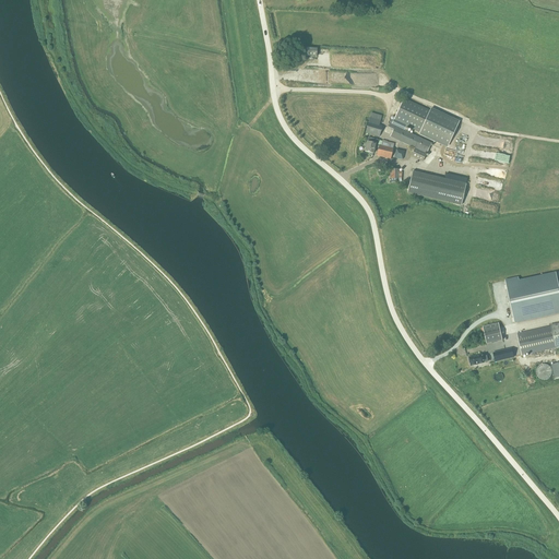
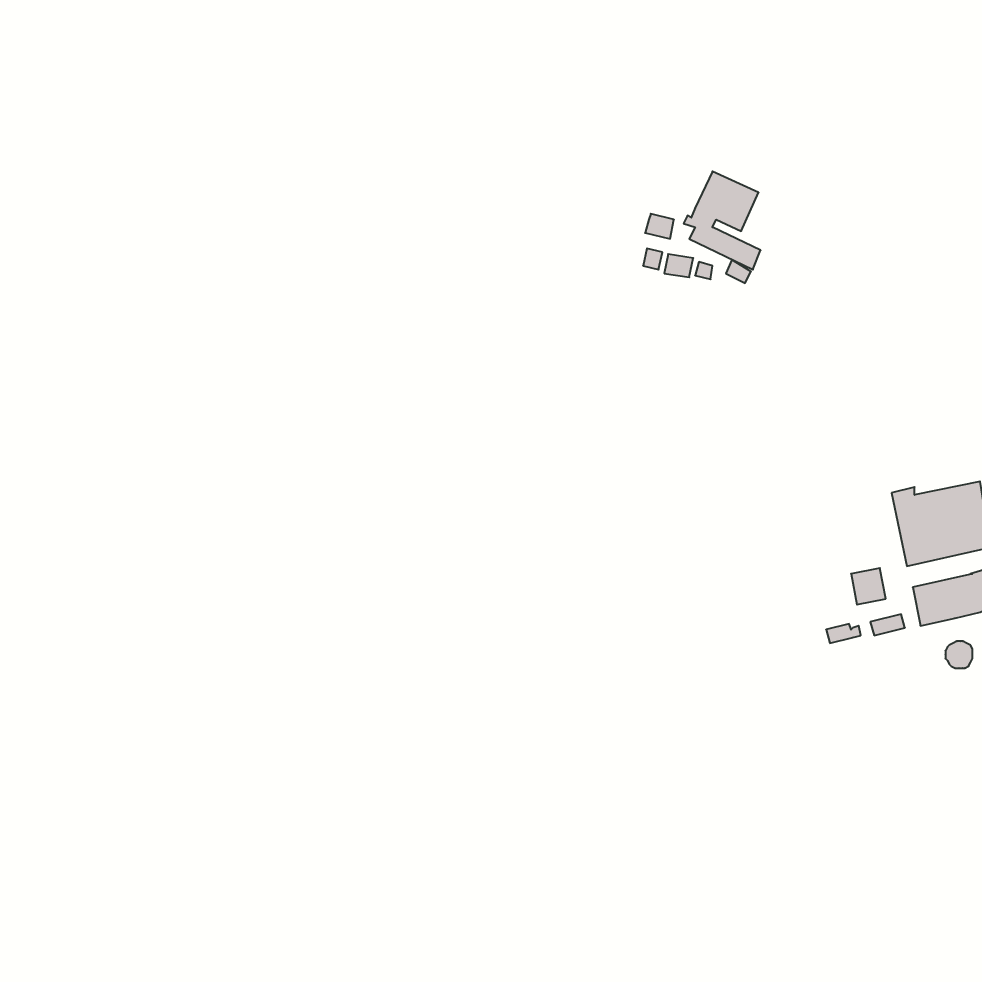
building: [420,107,461,146] -> none
building: [408,170,467,204] -> none

